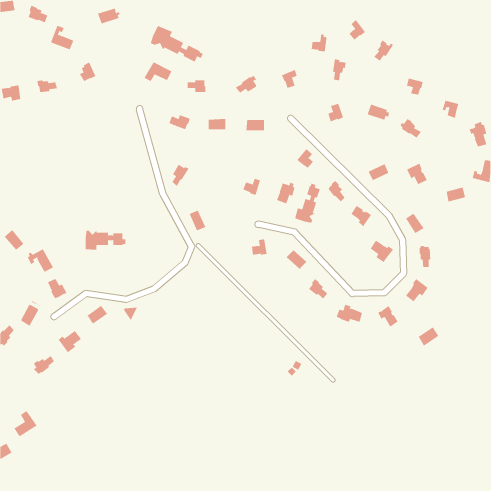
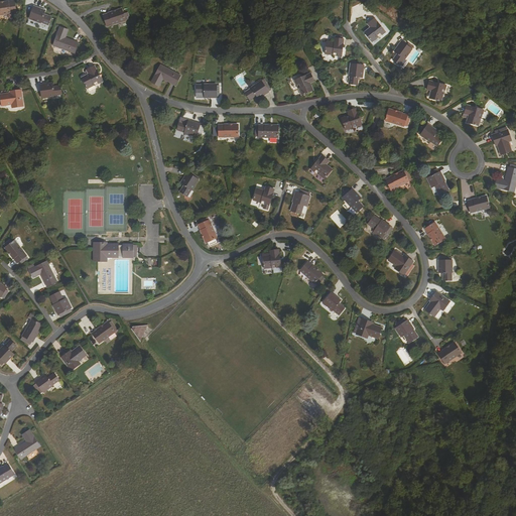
building: [150,25,203,62] -> none
building: [295,183,320,224] -> none

